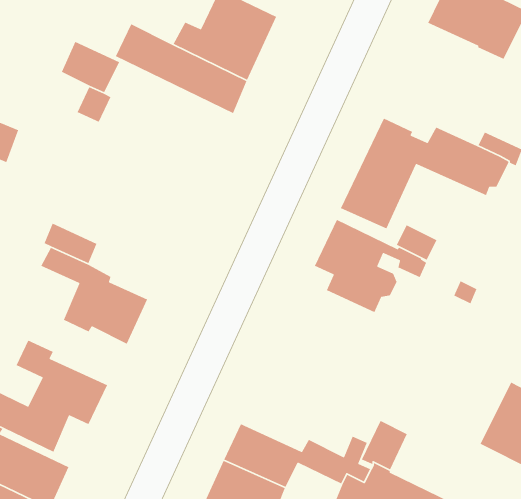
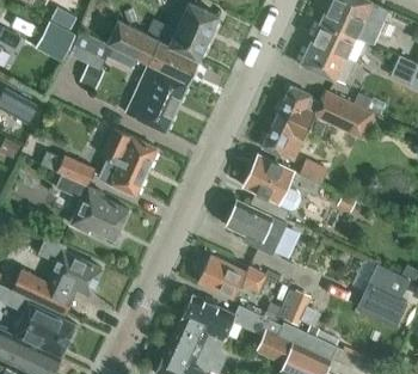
building: none -> [300,22,355,85]
building: none -> [35,23,75,63]
building: none -> [125,66,186,133]
building: none -> [98,129,156,196]
building: none -> [225,201,285,255]
building: none -> [198,256,265,300]

